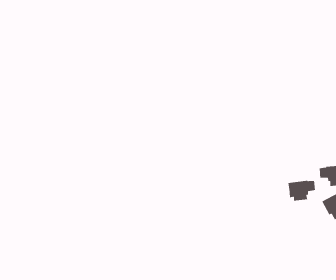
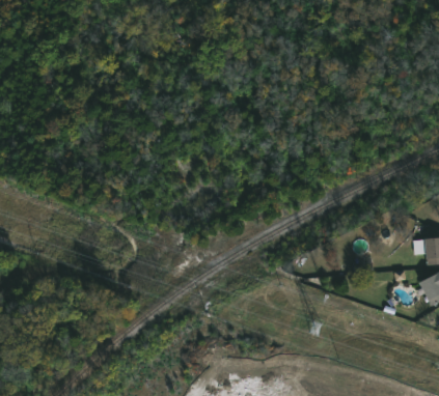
building: [288,180,316,201] -> none

